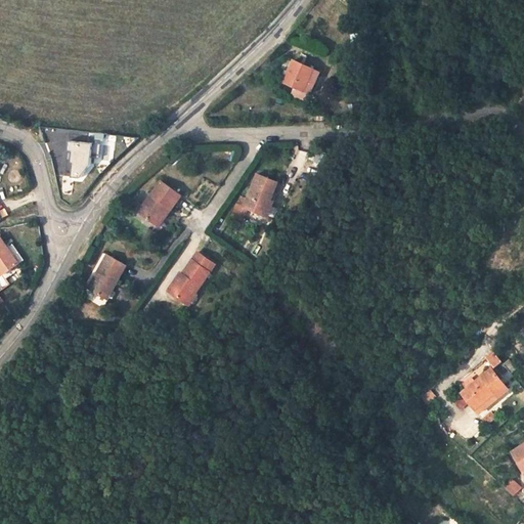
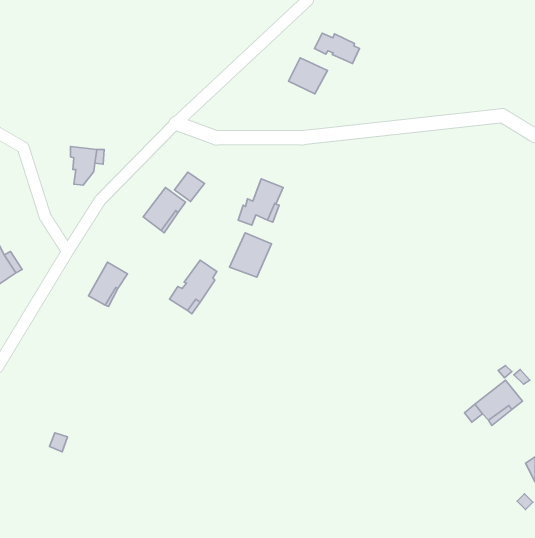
building: none -> [314,33,360,64]
building: none -> [175,172,204,201]
building: none -> [230,233,272,277]

